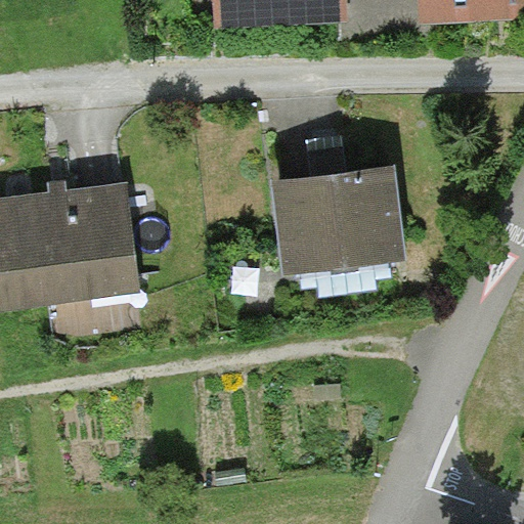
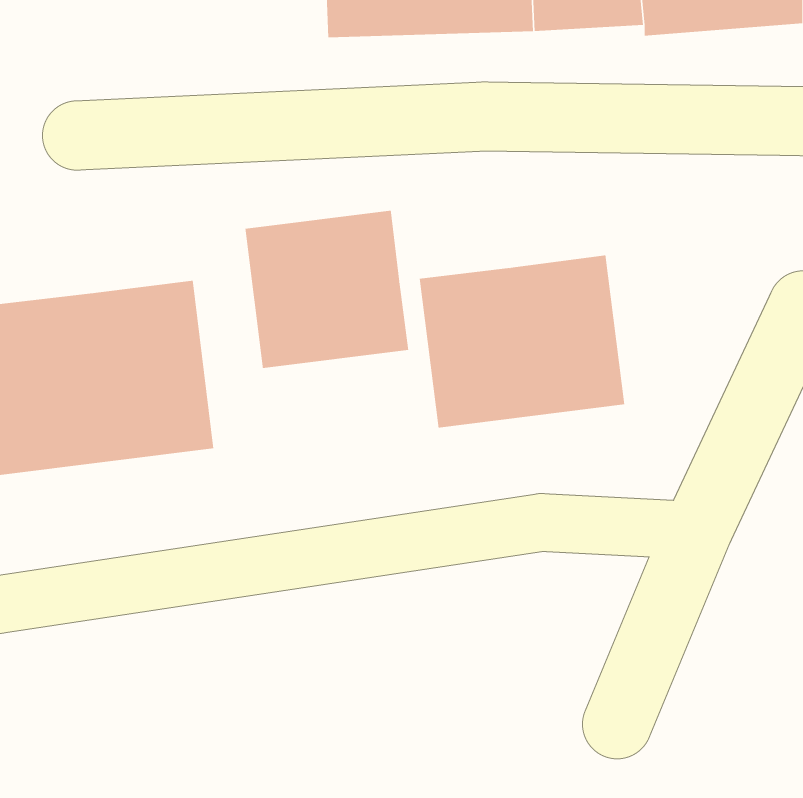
building: none -> [245,210,409,369]

